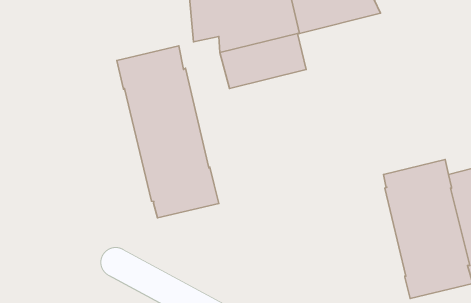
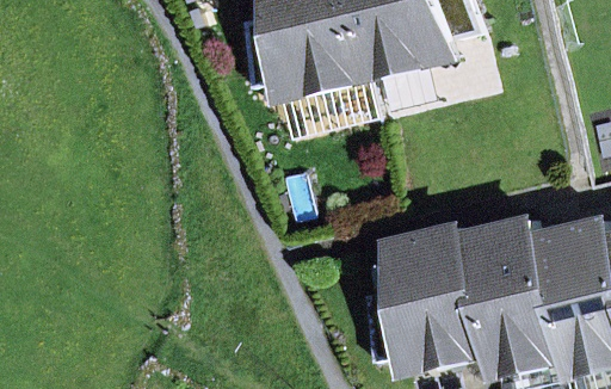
building: [117,46,219,218] -> none
building: none -> [368,224,490,370]

